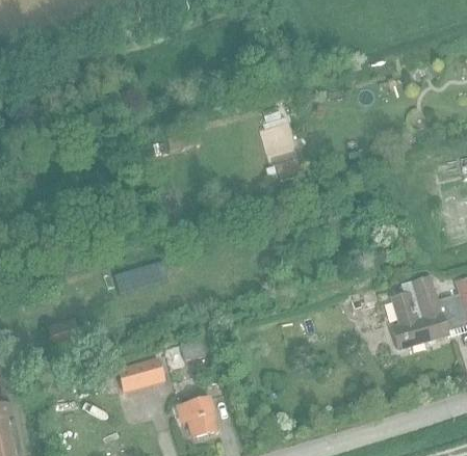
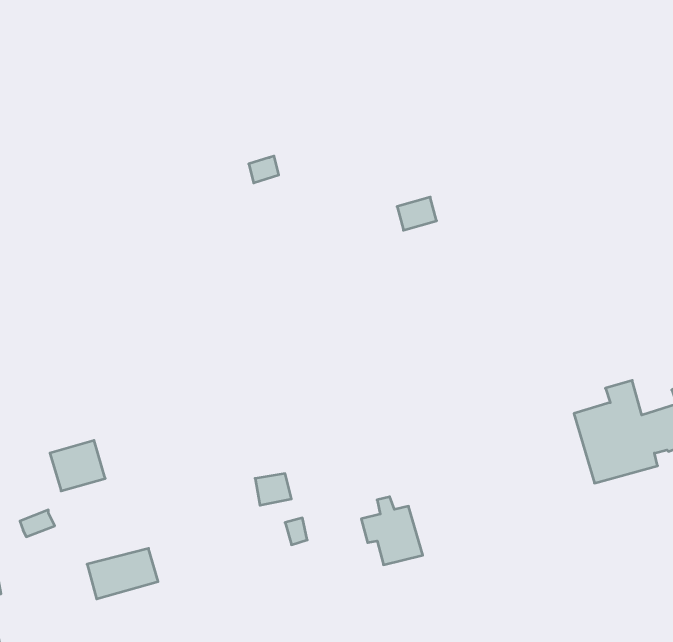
building: [121,358,167,392] -> [87,548,158,599]
building: [177,394,217,438] -> [361,497,423,565]

